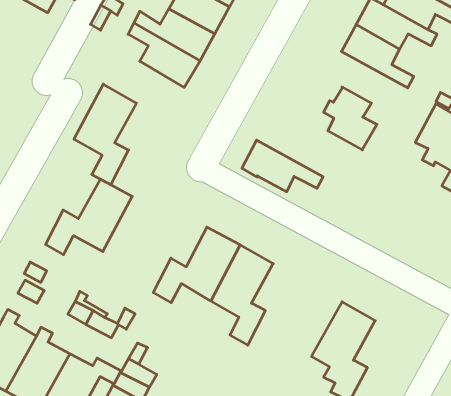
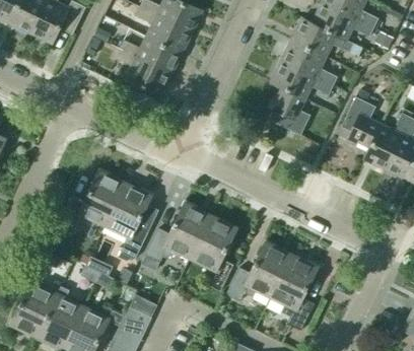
building: [74,84,136,185] -> [106,182,152,259]
building: [242,140,323,192] -> [271,61,334,99]
building: none -> [226,240,292,300]

